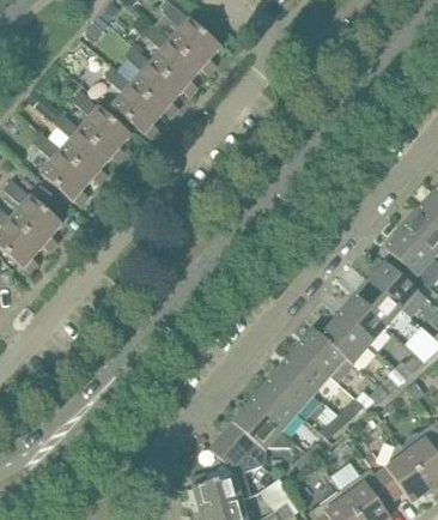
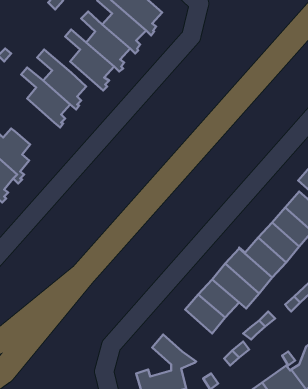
building: [34,133,92,206] -> none
building: [223,401,293,464] -> none

